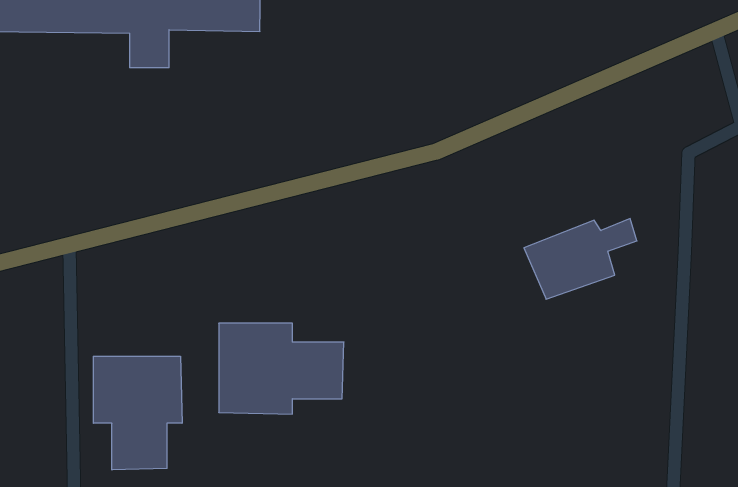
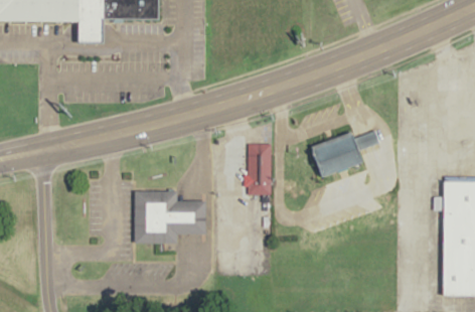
building: none -> [246,144,272,195]
building: [93,356,182,470] -> none

